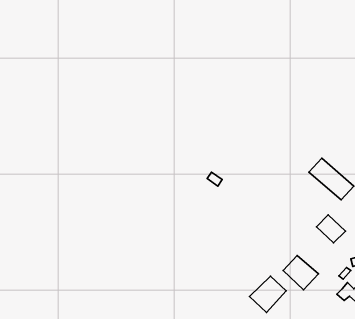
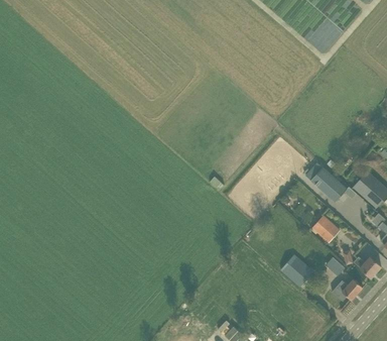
building: [249,276,286,312] -> none

